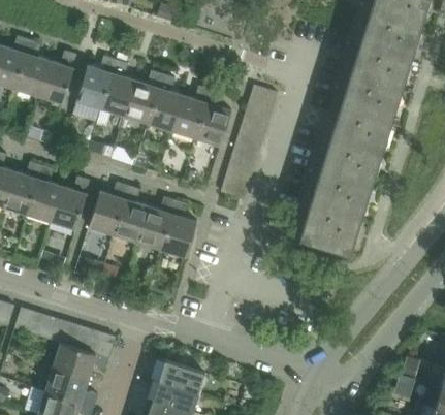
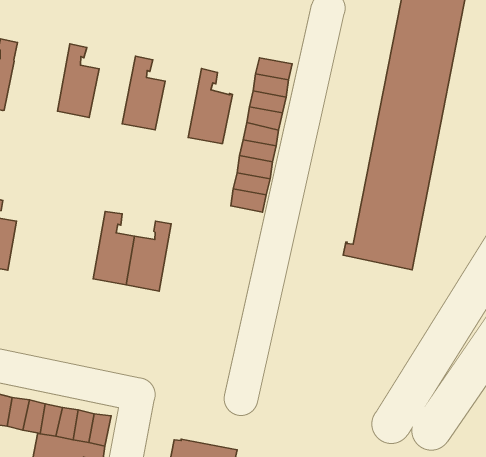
building: [75,57,115,109] -> none
building: [123,71,162,124] -> none
building: [170,87,210,139] -> none
building: [51,178,89,230] -> none
building: [88,183,127,235] -> none
building: [160,201,195,258] -> none

